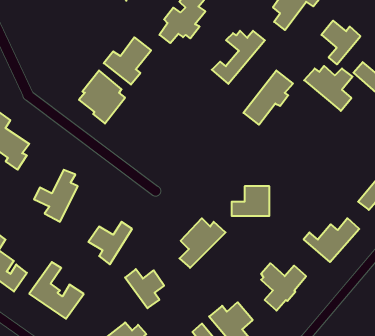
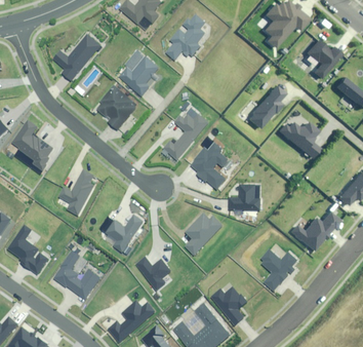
building: none -> [53,33,100,80]
building: [212,31,265,84] -> [163,113,209,159]
building: [304,66,353,111] -> [277,119,319,158]
building: none -> [189,142,229,188]

